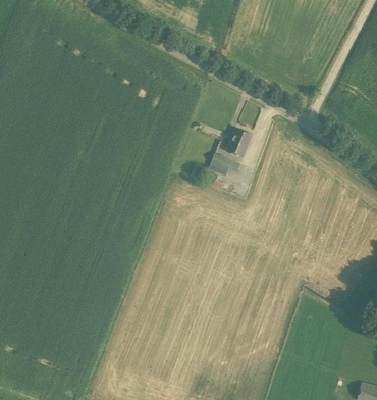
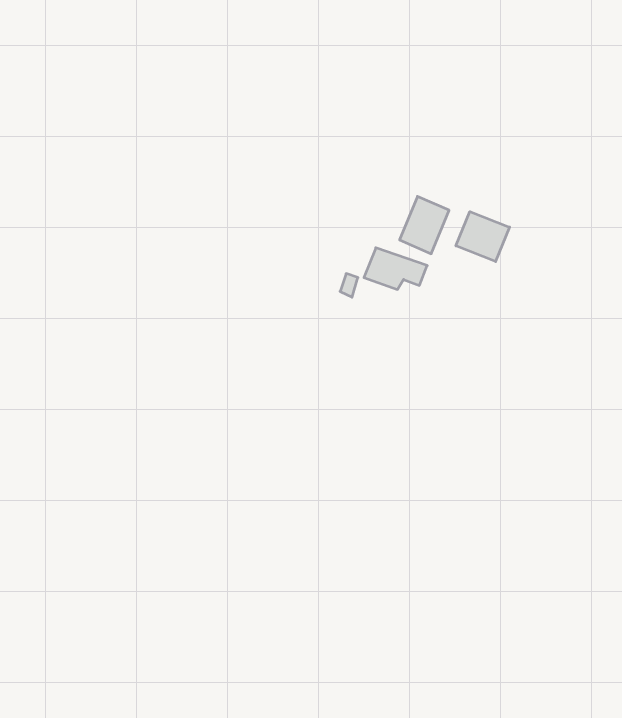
building: none -> [456,212,510,262]

